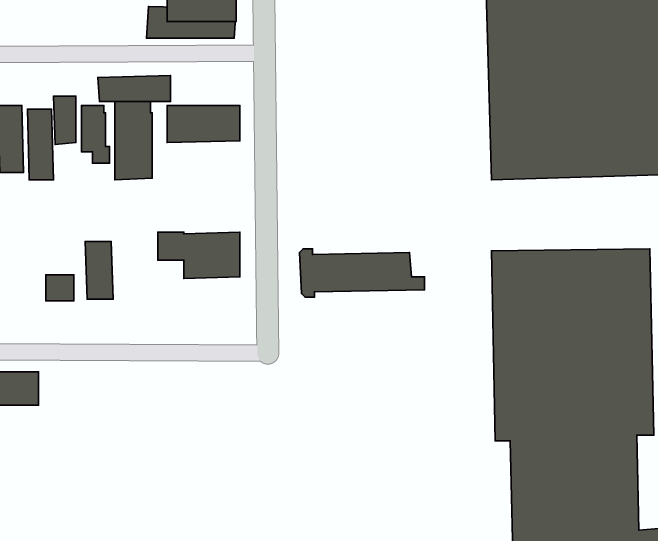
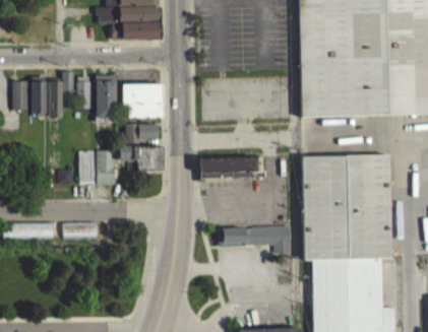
building: [98,76,170,102] -> [124,96,164,111]
building: none -> [125,124,158,143]
building: none -> [97,151,116,186]
building: none -> [63,222,97,242]
building: none -> [218,226,293,253]

